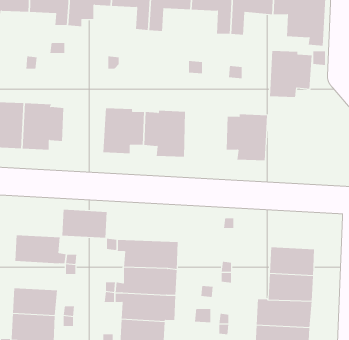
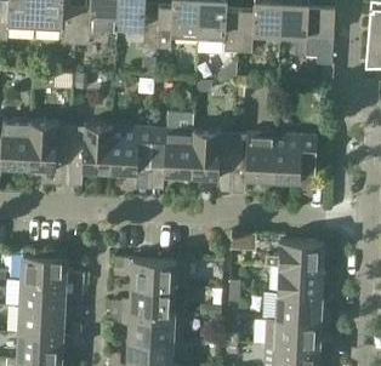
building: [269,50,313,98] -> [273,137,317,184]
building: none -> [69,127,112,175]
building: none -> [192,133,234,181]
building: [62,209,107,238] -> [19,284,66,313]
building: none -> [265,244,324,271]

